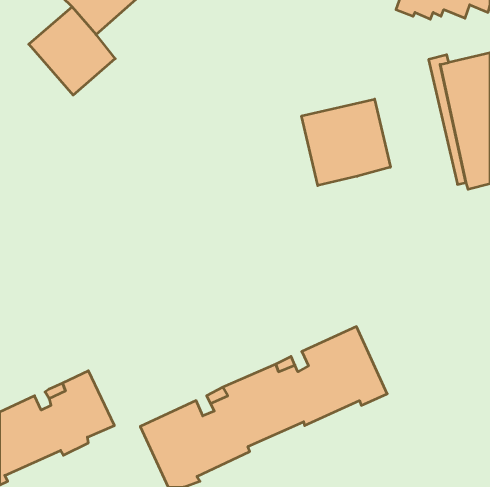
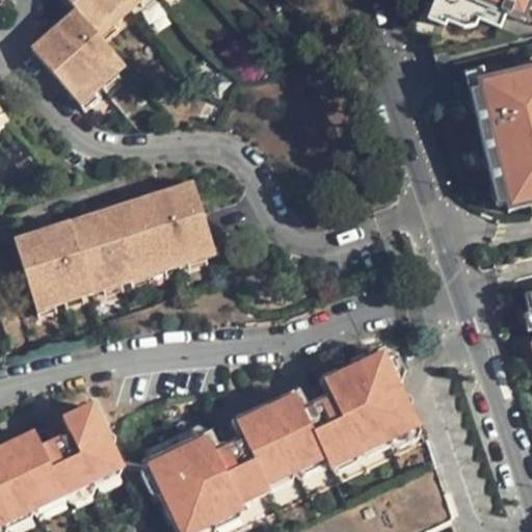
building: [302,99,390,186] -> none
building: none -> [18,184,217,310]

